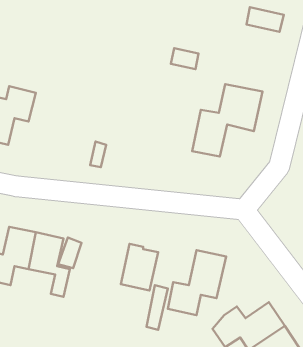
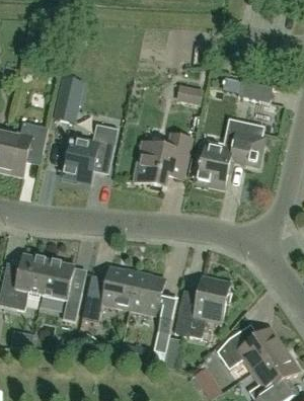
building: [247,7,284,32] -> [238,79,274,102]
building: none -> [55,78,84,123]
building: none -> [64,123,119,181]
building: none -> [135,133,192,187]
building: none -> [82,266,138,321]

